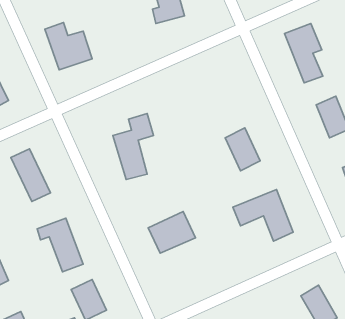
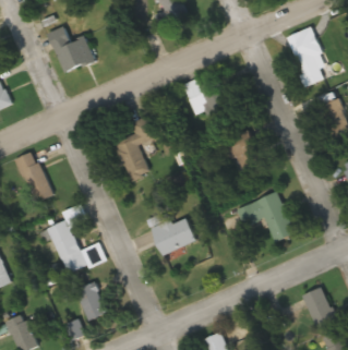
building: none -> [181,76,236,119]

